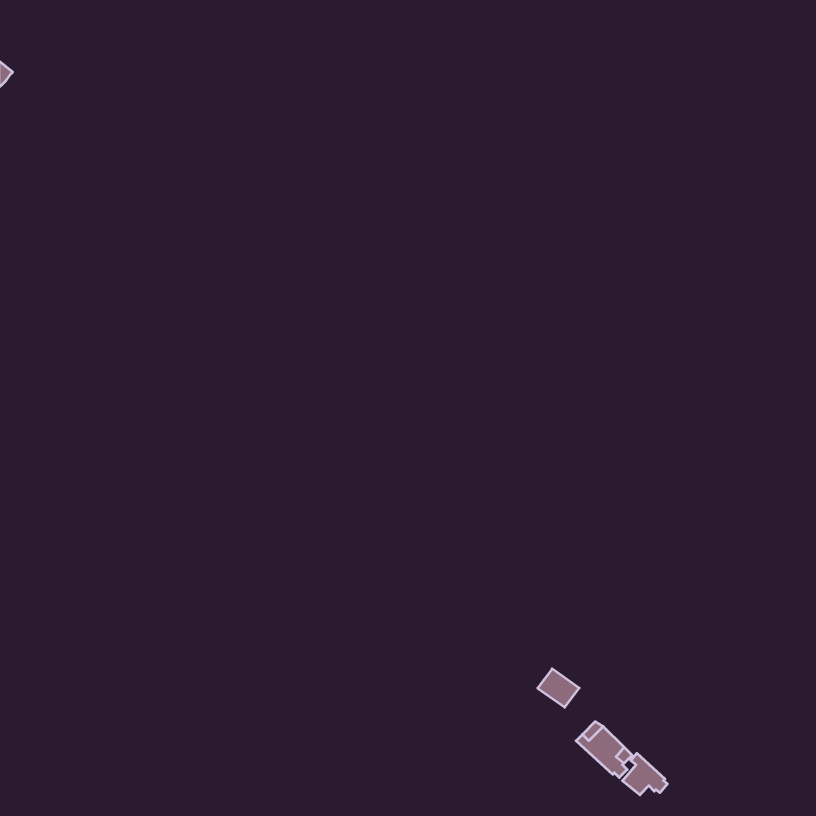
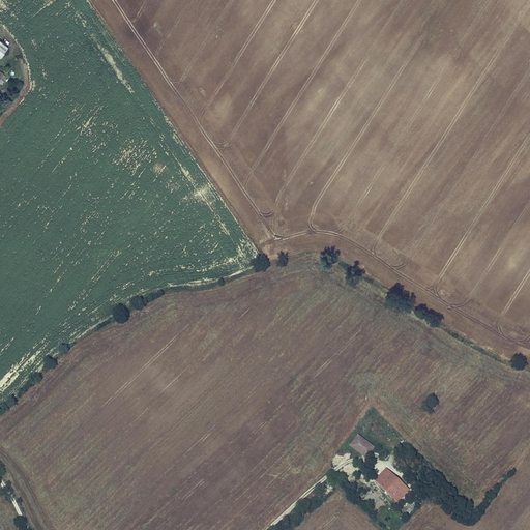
building: [622,753,667,795] -> none

